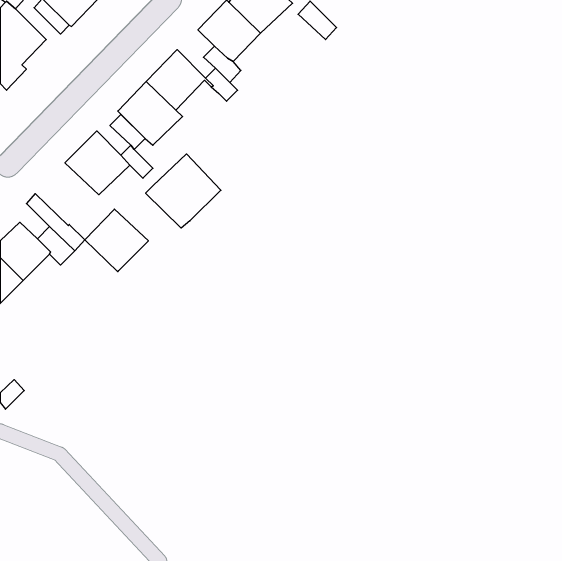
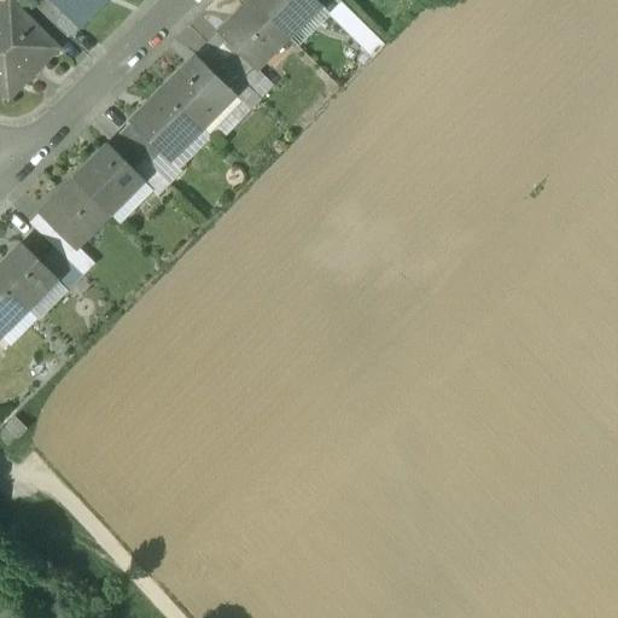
building: none -> [193,88,240,135]
building: [146,154,221,228] -> none
building: [85,209,148,272] -> [39,179,109,247]

